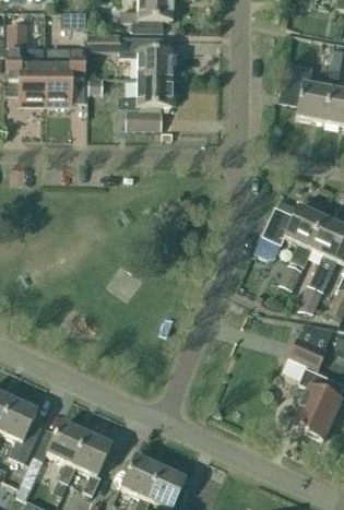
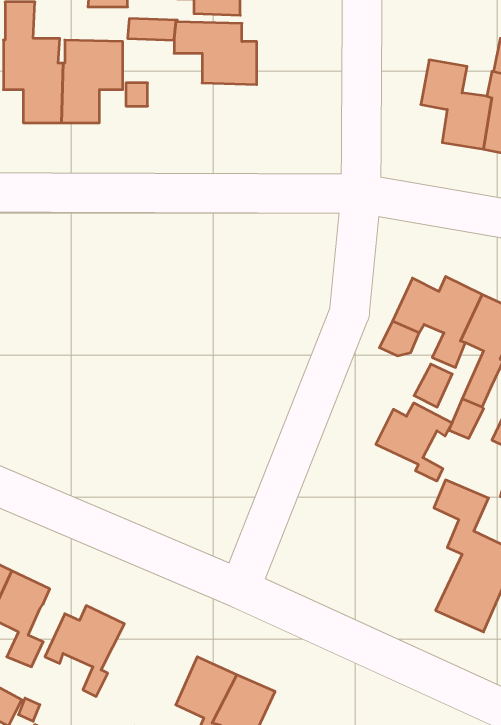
building: [119,75,174,128] -> none
building: none -> [376,403,452,481]
building: [71,431,111,491] -> none

